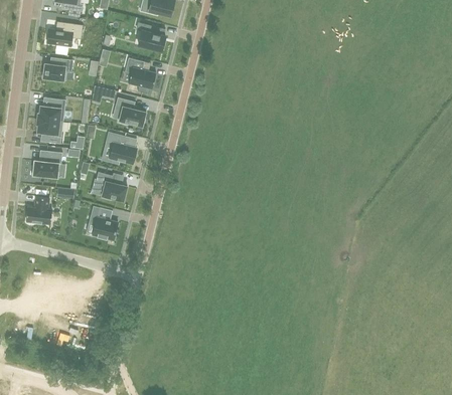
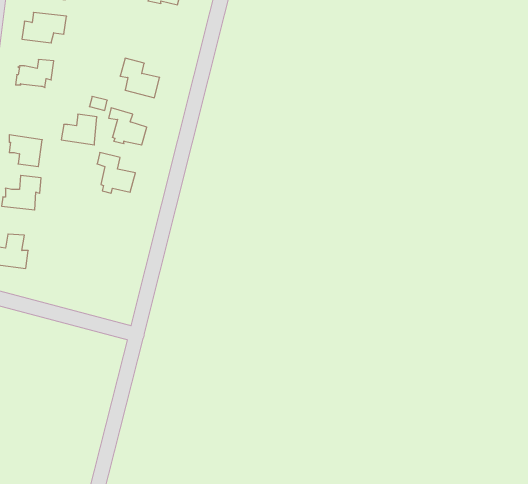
building: [137,23,164,50] -> none
building: [36,97,64,122] -> [61,114,97,145]
building: [96,172,126,200] -> none
building: [92,207,117,239] -> none

